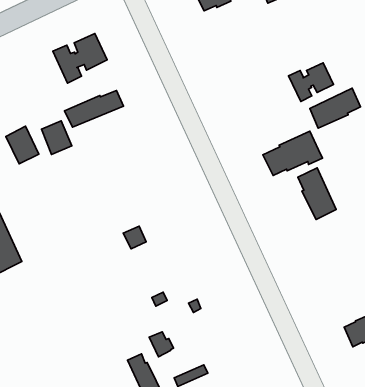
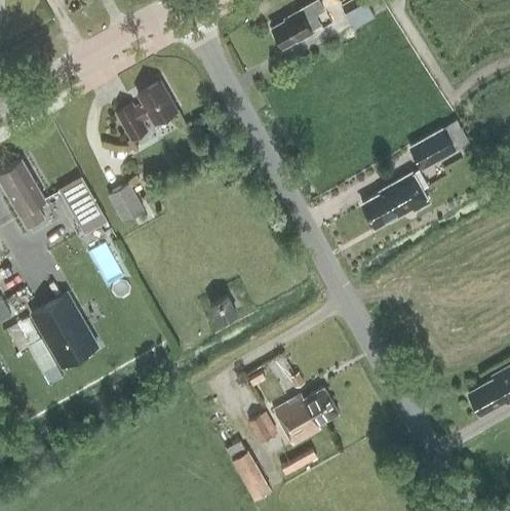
building: [289,63,333,102] -> none
building: [65,90,123,127] -> none
building: [298,168,336,219] -> none
building: none -> [273,387,339,446]

